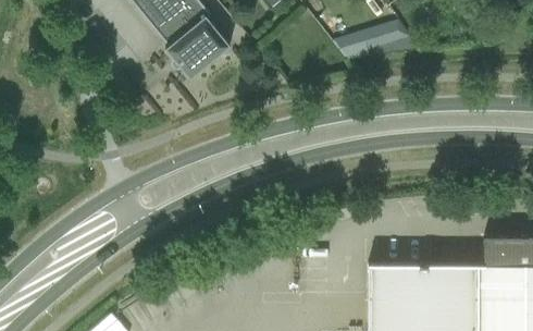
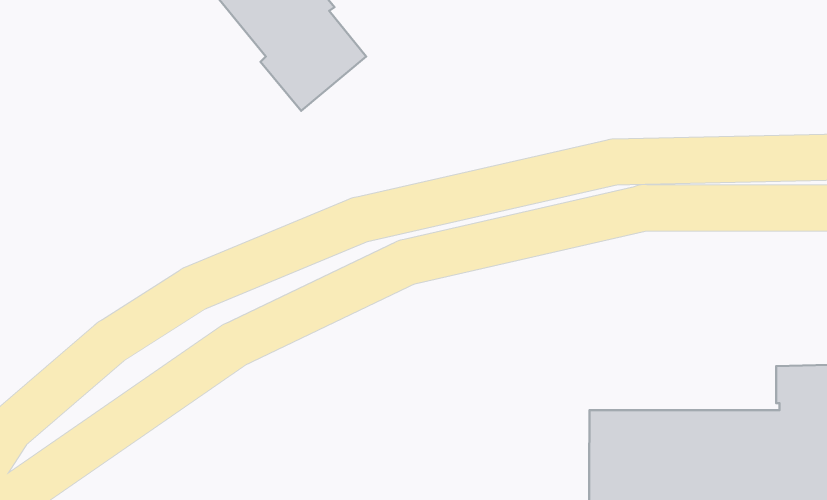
building: [333,19,418,59] -> none

